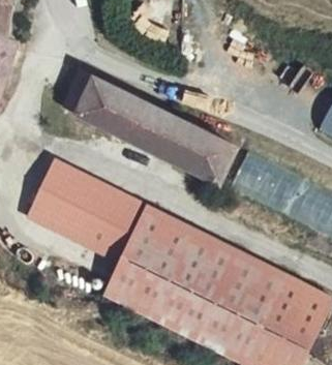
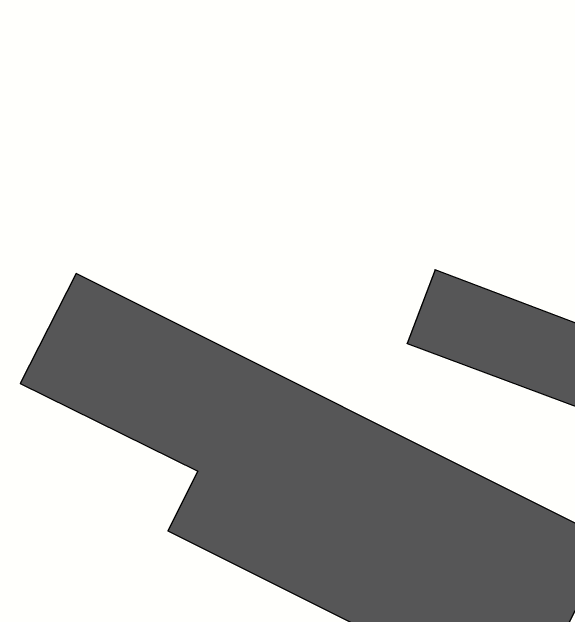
building: [65,71,237,181] -> none

